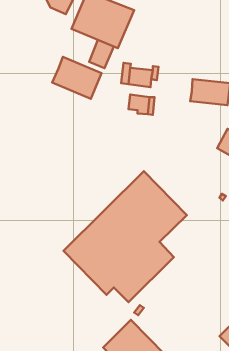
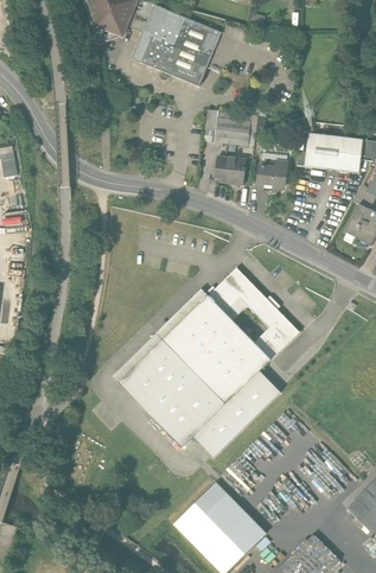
building: [89,40,114,68] -> none
building: [52,57,102,99] -> none
building: none -> [256,159,287,189]

